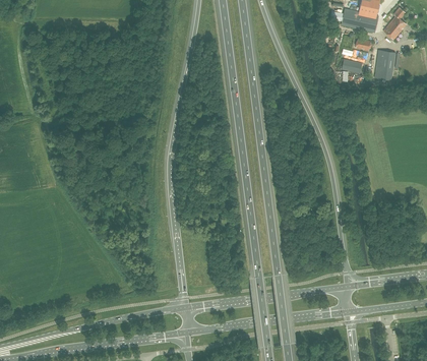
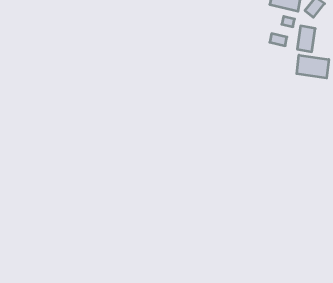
building: none -> [297,55,329,78]

